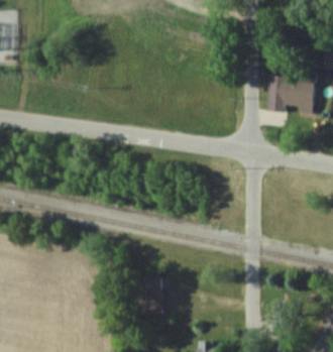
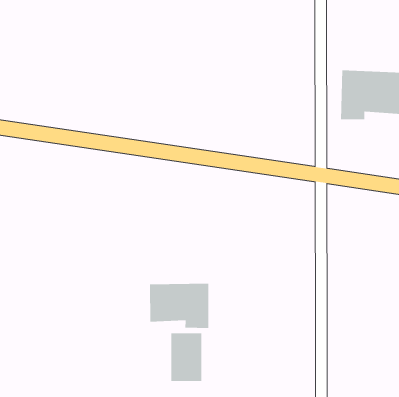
building: none -> [150,283,209,329]

